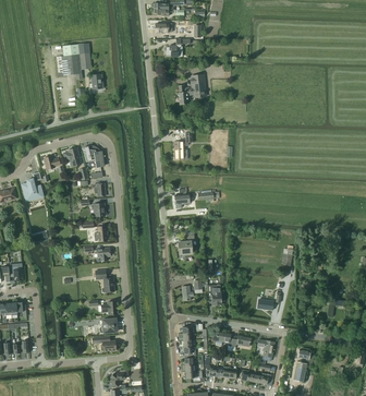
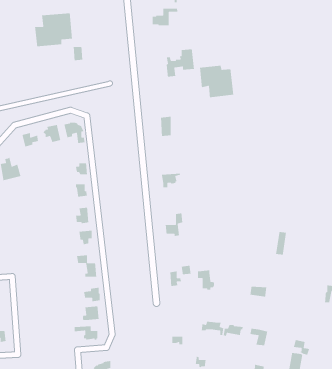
building: none -> [199,65,234,98]

